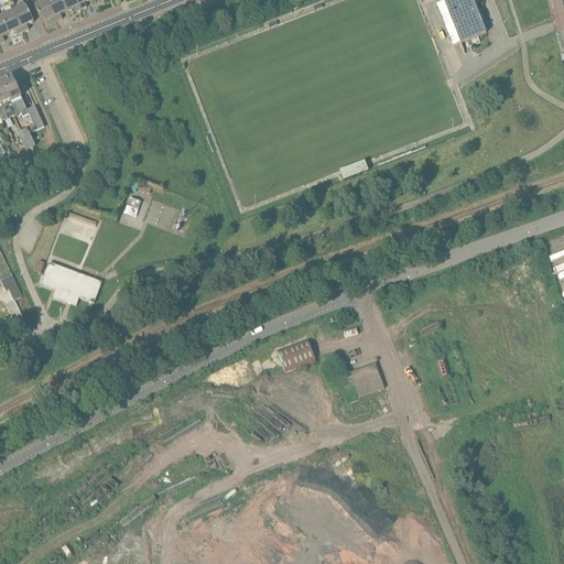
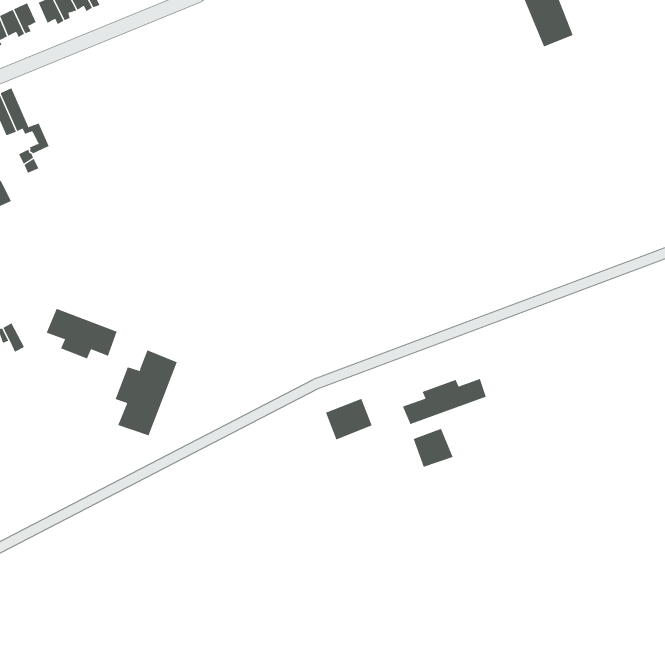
building: none -> [115,350,177,436]
building: none -> [402,378,487,425]

